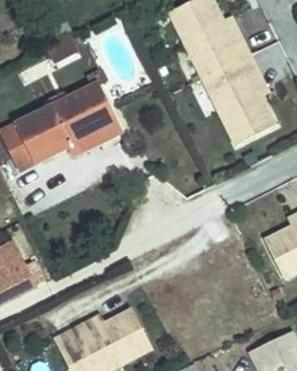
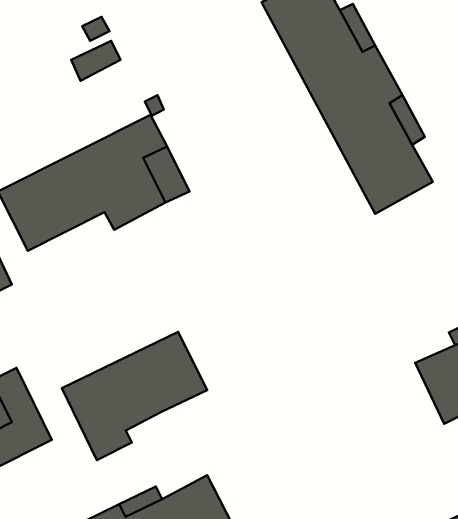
building: none -> [62,332,207,460]

